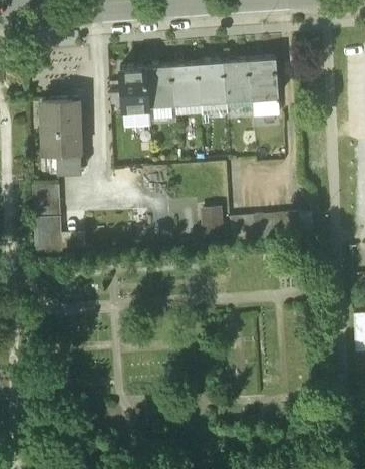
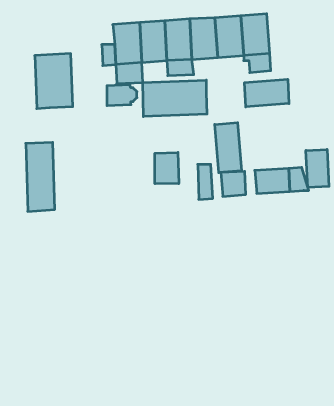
building: none -> [245,79,289,107]
building: none -> [143,80,207,117]
building: [57,152,87,173] -> [107,85,137,106]
building: none -> [215,123,242,173]
building: none -> [306,149,329,187]
building: none -> [155,152,179,184]

